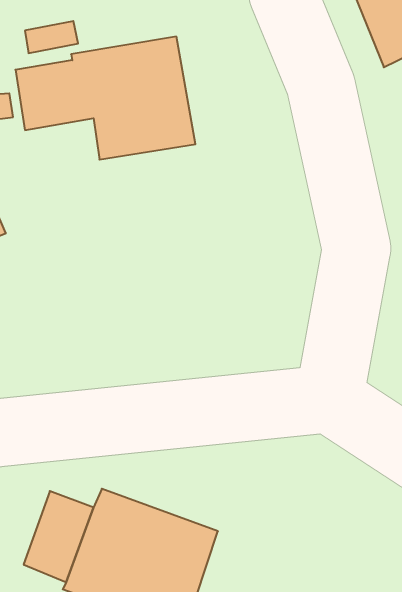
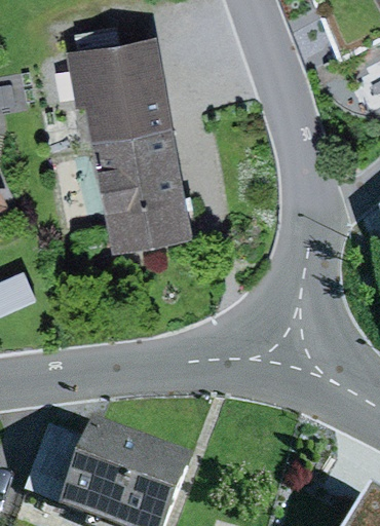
building: none -> [91,125,193,249]

